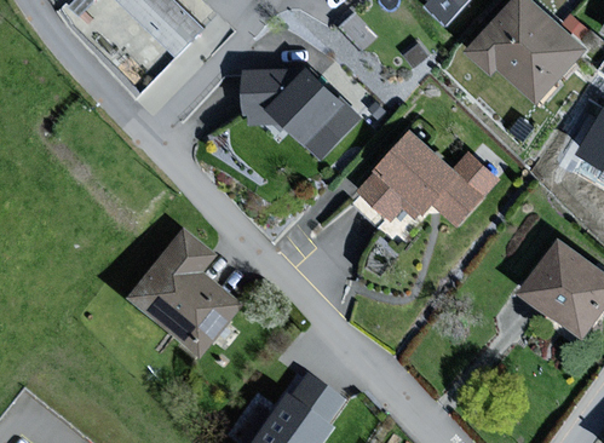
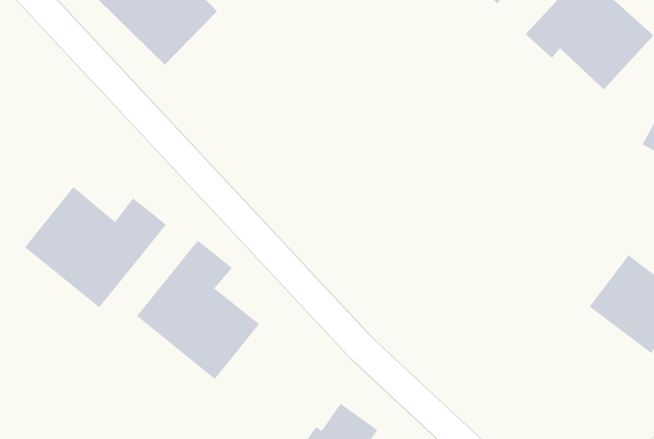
building: [249,69,357,154] -> none
building: [362,134,493,220] -> none
building: none -> [24,186,167,308]

